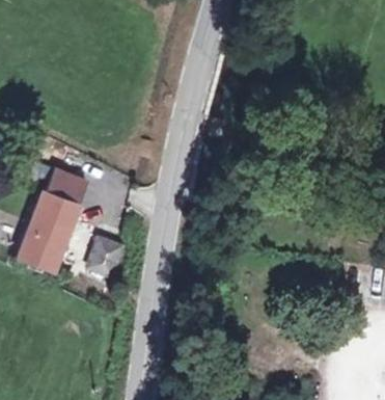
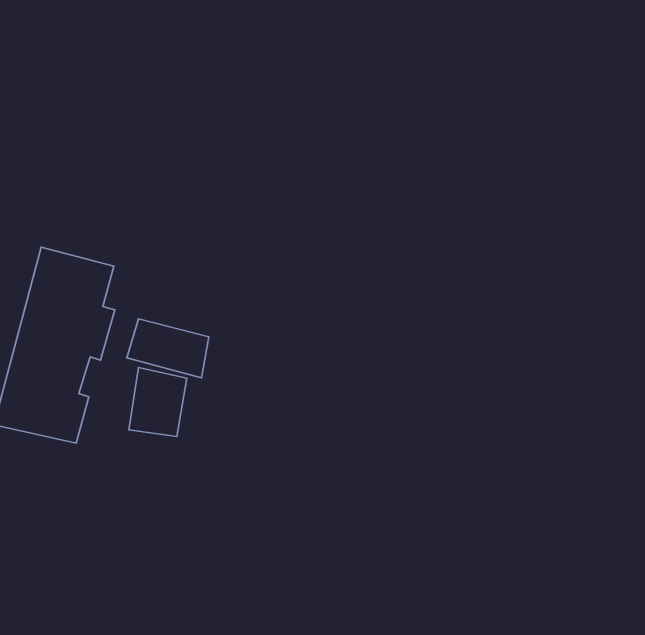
building: none -> [127,319,209,378]

